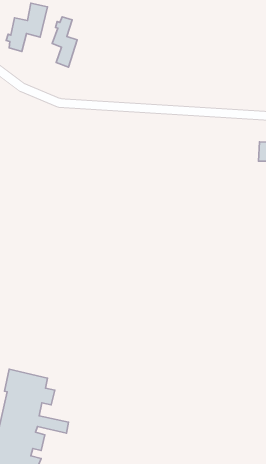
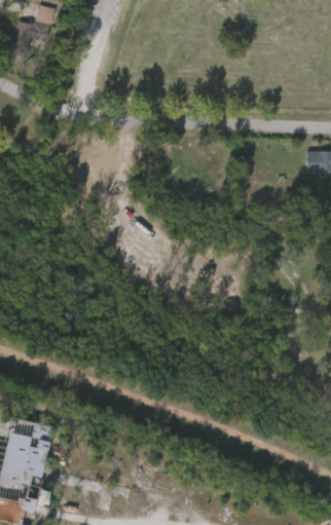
building: [52,17,77,67] -> none

